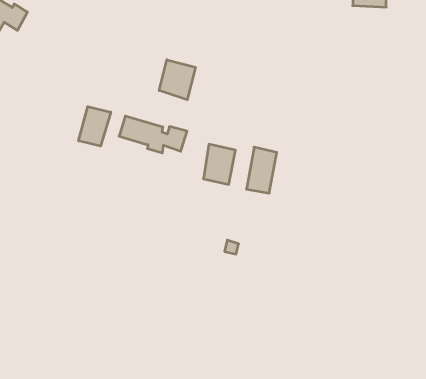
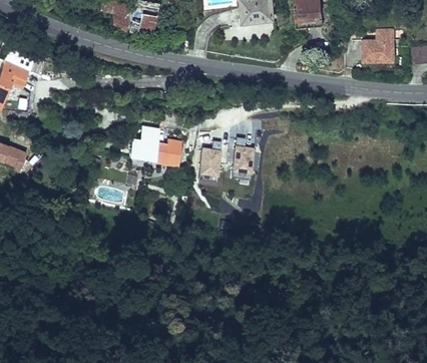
building: [159,60,195,100] -> none
building: [79,107,111,146] -> none

